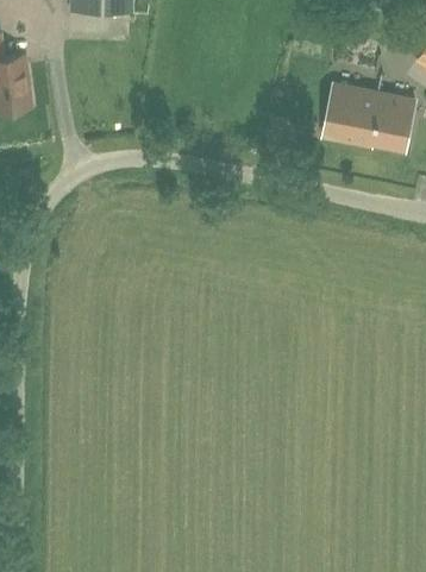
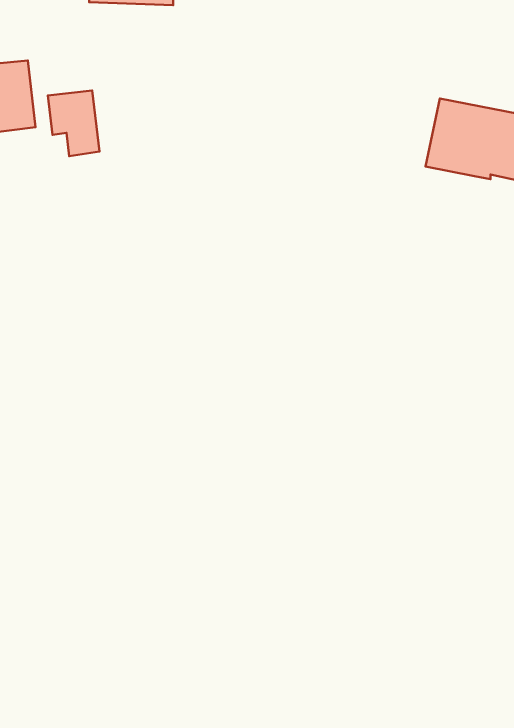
building: none -> [48,90,99,156]

